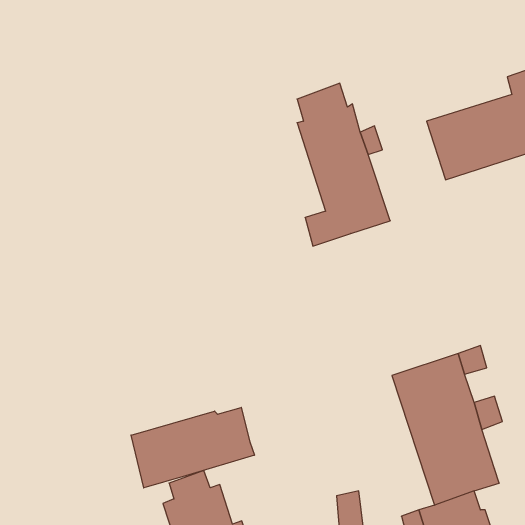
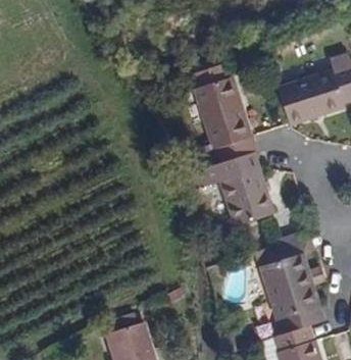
building: none -> [218,152,273,226]
building: [131,407,254,488] -> none

